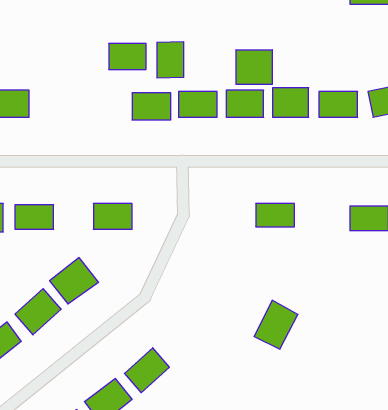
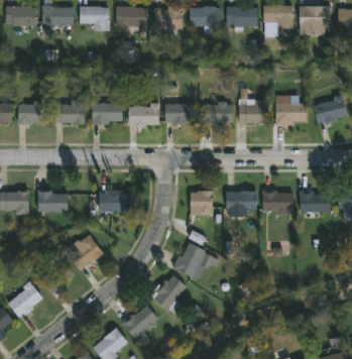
building: [157,42,184,78] -> none
building: [109,44,146,69] -> [92,104,121,124]
building: [236,50,272,84] -> none
building: none -> [54,105,85,124]
building: none -> [190,192,212,216]
building: none -> [262,192,292,212]
building: [254,300,298,349] -> [172,240,207,278]
building: none -> [153,278,185,308]

